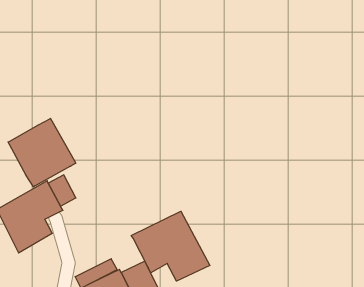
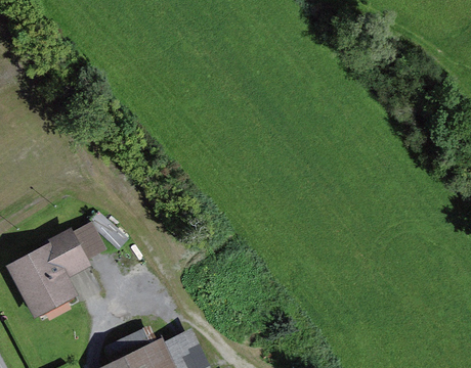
building: [8,118,76,187] -> none
building: [131,211,210,281] -> none

